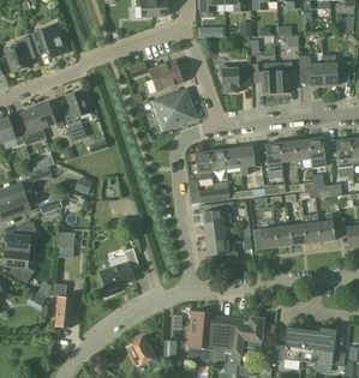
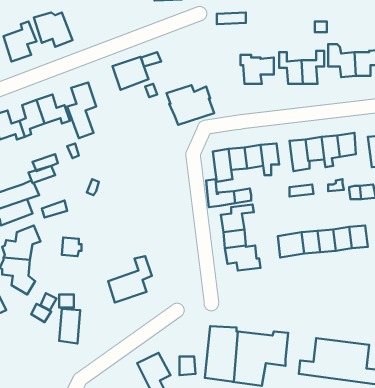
building: [150,61,183,91] -> [113,57,148,90]

